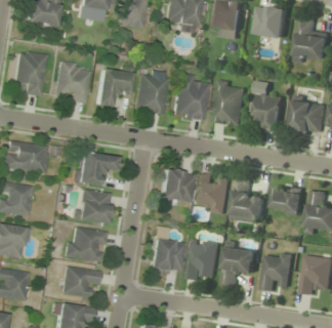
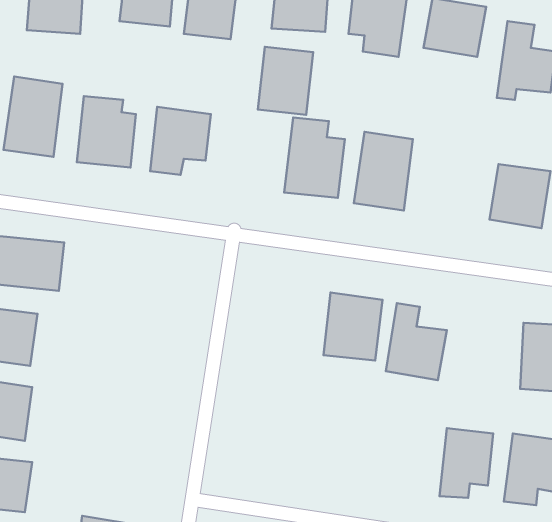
building: [134,74,166,113] -> [258,47,313,115]
building: [253,81,281,130] -> none
building: [73,152,116,183] -> none
building: [158,168,194,206] -> none
building: [273,187,301,212] -> none
building: [74,189,109,221] -> none
building: [64,227,105,261] -> none
building: [149,238,183,274] -> none
building: [185,239,218,280] -> none
building: [221,244,256,285] -> none
building: [60,266,98,296] -> none

